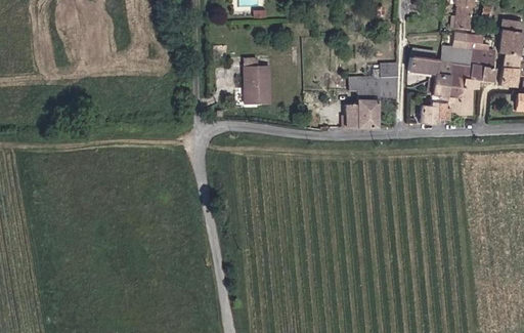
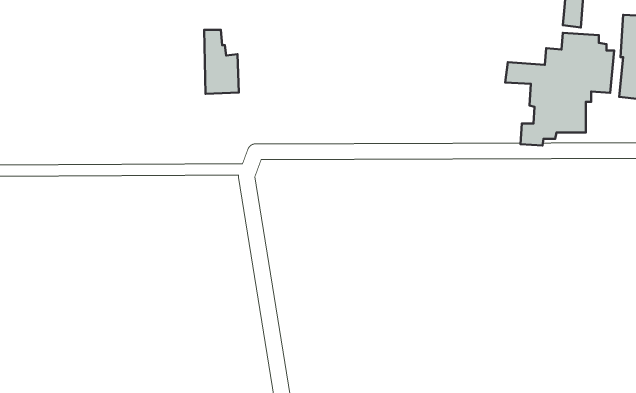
building: [243,52,270,103] -> [204,30,239,94]
building: [346,61,398,126] -> none

